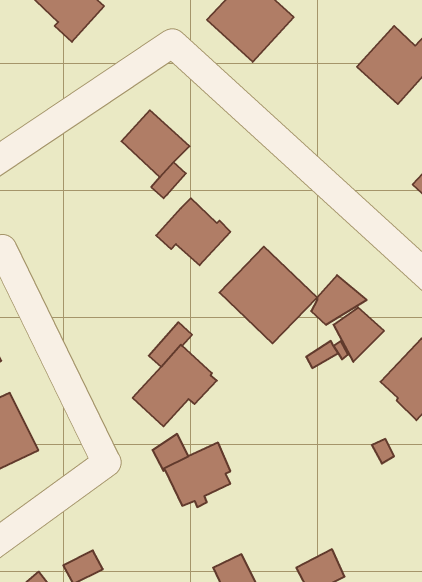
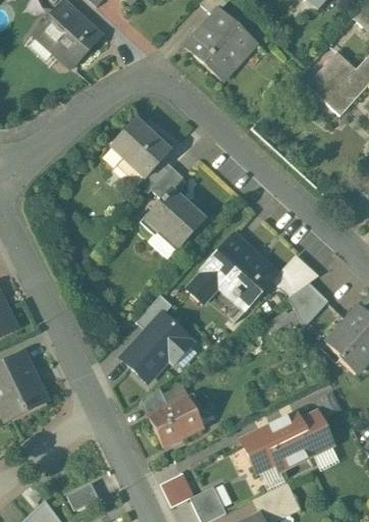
building: none -> [152,166,186,201]
building: none -> [241,411,332,472]
building: none -> [161,470,195,504]

